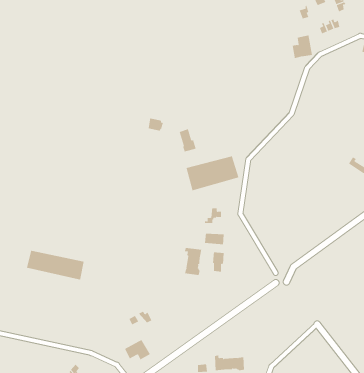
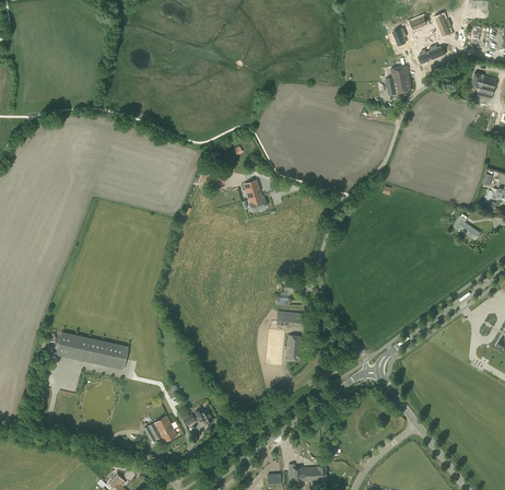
building: [186,155,239,191] -> none
building: [184,247,202,276] -> none
building: [124,339,151,360] -> [144,416,177,442]

